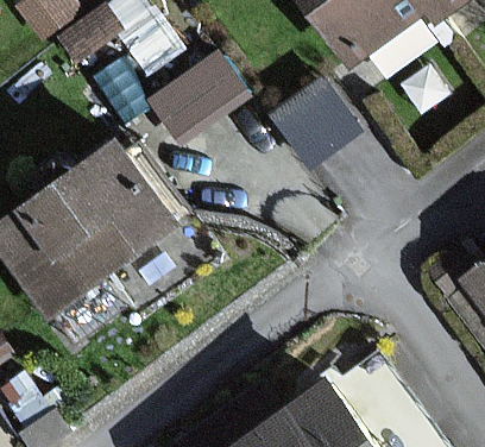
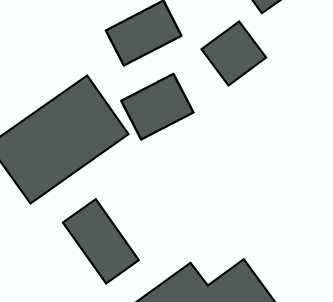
building: none -> [121,74,193,140]
building: none -> [63,199,139,284]

